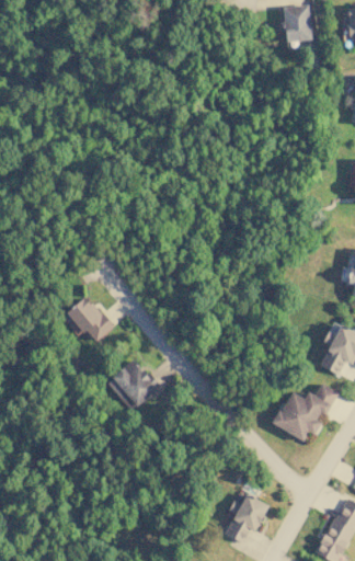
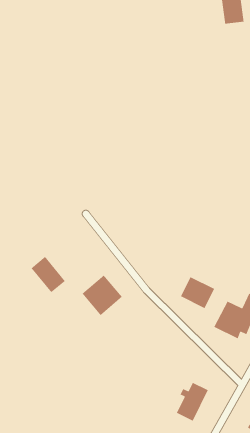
building: [68,296,113,343] -> [30,256,66,293]
building: none -> [180,276,215,309]

